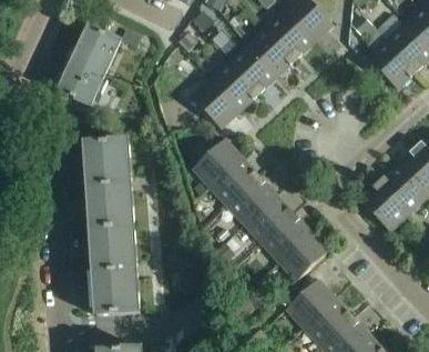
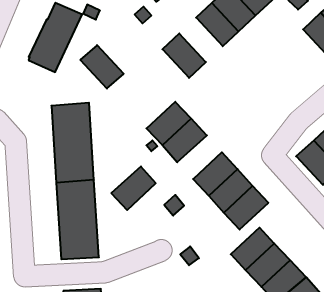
building: [228,43,277,93] -> none
building: [191,79,239,128] -> [80,45,124,89]
building: [226,175,276,224] -> [111,166,156,210]

